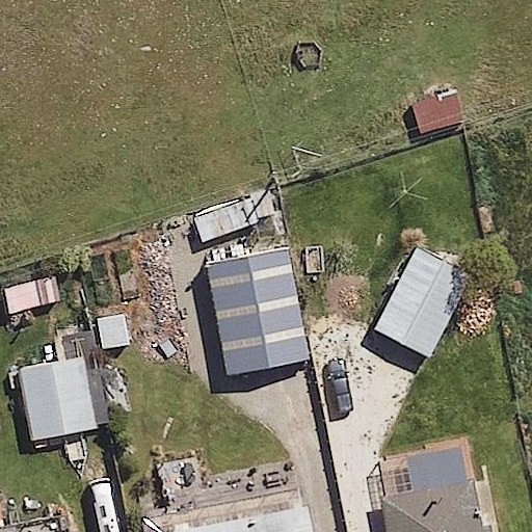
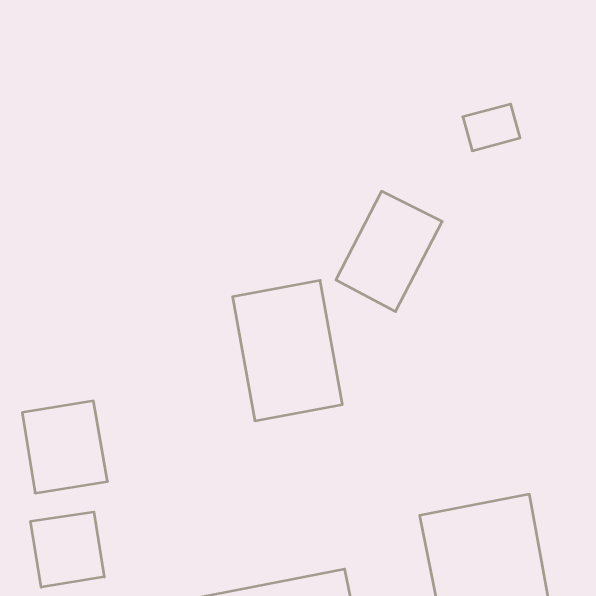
building: [375,250,470,357] -> [336,191,442,312]
building: none -> [31,512,104,587]

